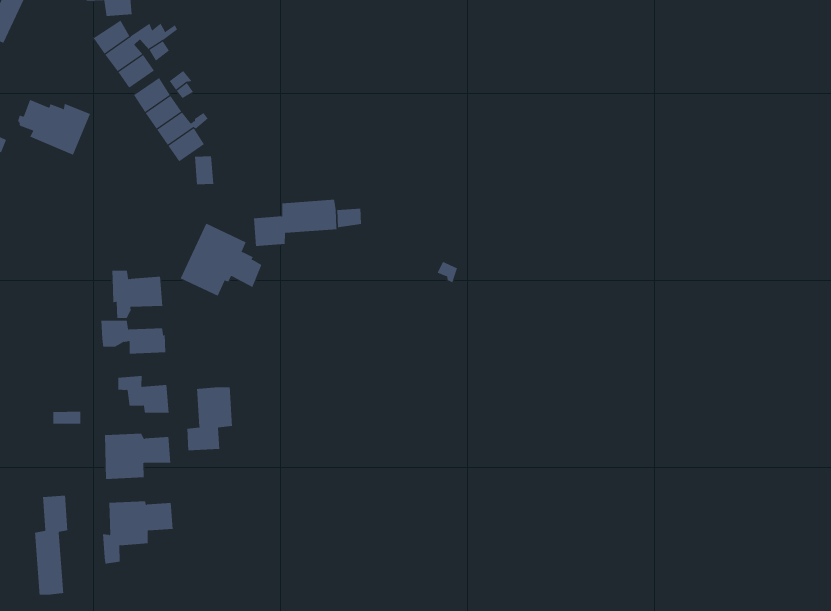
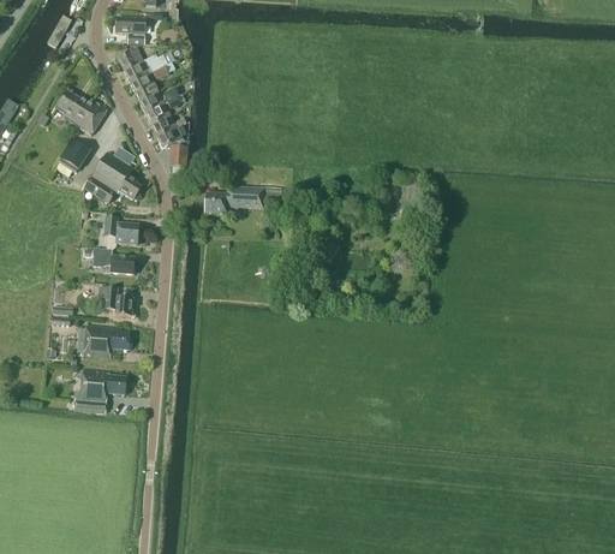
building: none -> [59,136,90,174]
building: [180,223,262,296] -> [85,151,142,202]
building: [187,387,233,451] -> none
building: [35,495,68,596] -> none

